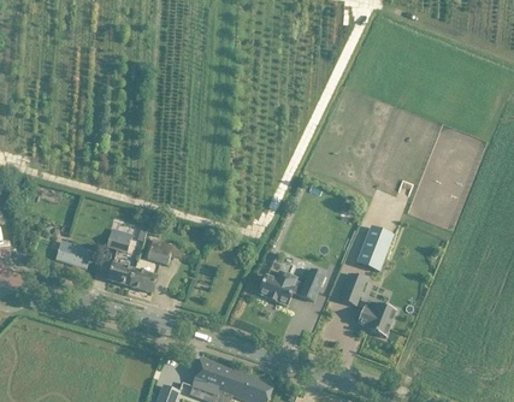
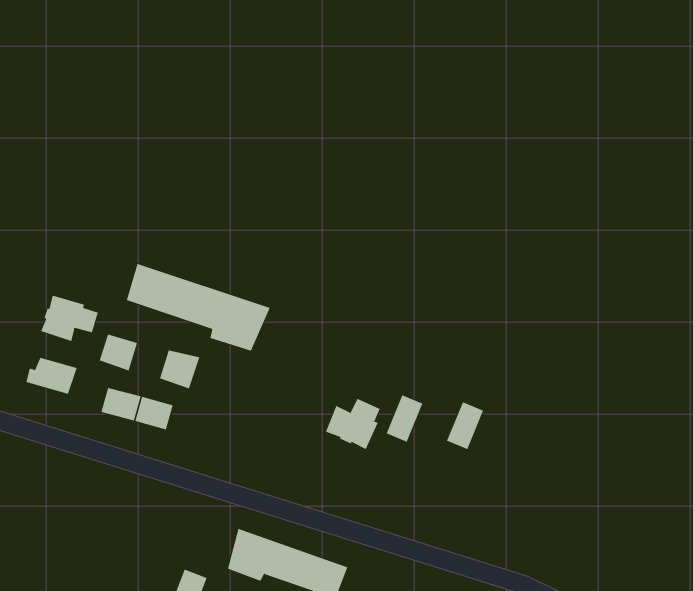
building: none -> [126,263,270,352]
building: none -> [40,295,99,342]
building: [355,226,392,271] -> none
building: [356,302,395,336] -> none

